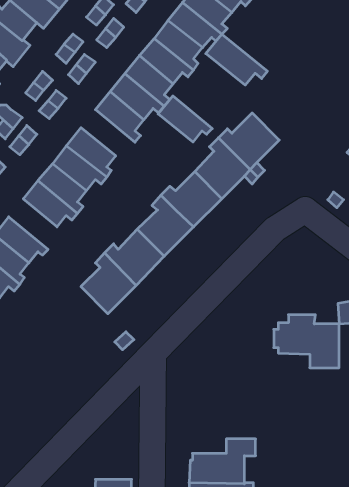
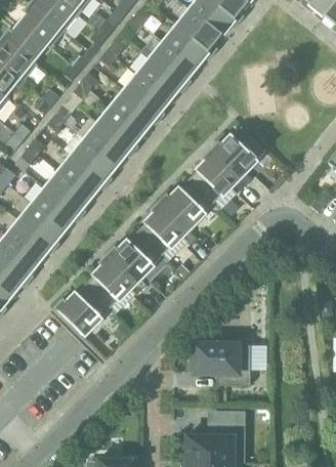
building: [206,34,267,85] -> none
building: [158,96,212,142] -> [85,122,134,164]
building: none -> [19,203,64,249]
building: none -> [54,283,110,334]
building: [274,315,339,368] -> [192,336,251,384]

